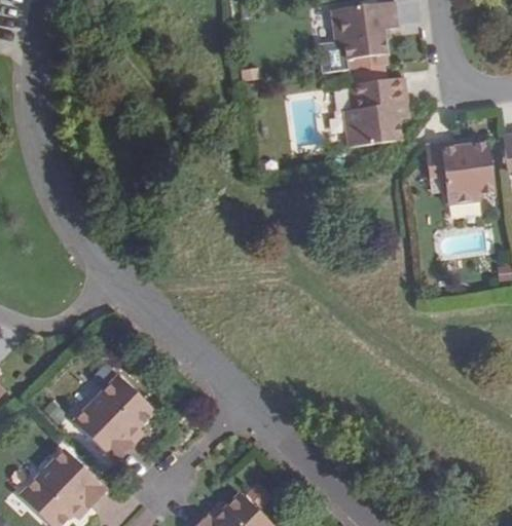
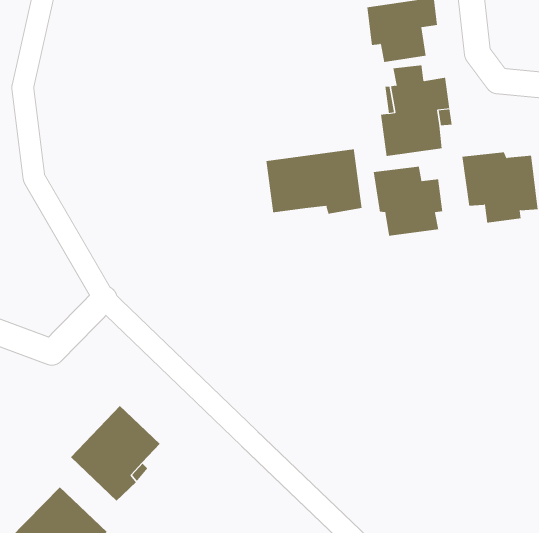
building: none -> [266,148,362,214]
building: none -> [373,166,443,236]

